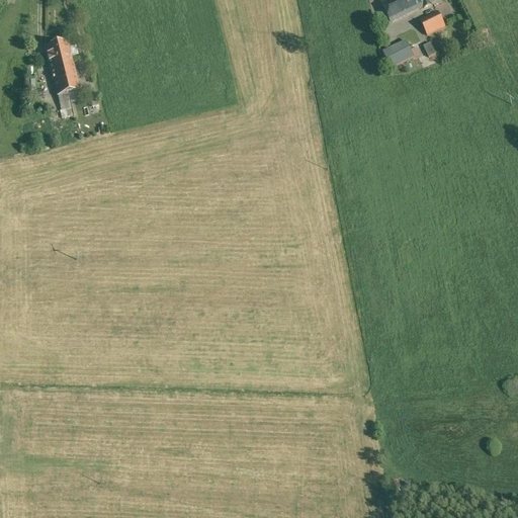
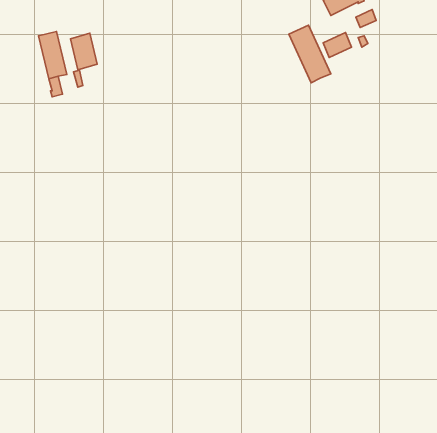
building: none -> [289,25,331,83]
building: none -> [70,33,97,70]

